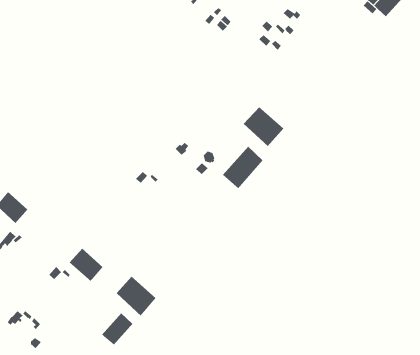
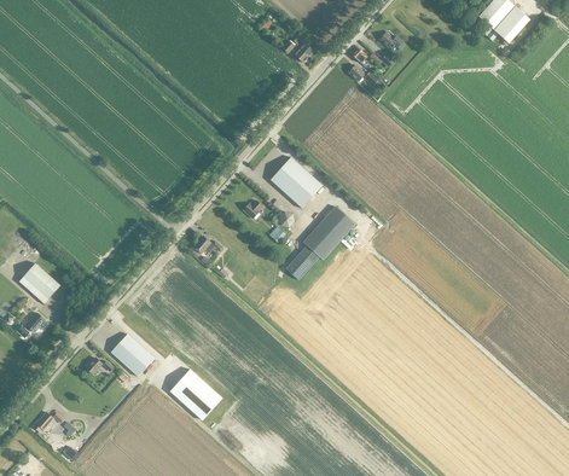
building: [243,107,284,147] -> [269,157,321,208]
building: none -> [285,245,318,279]
building: [101,312,134,346] -> none

